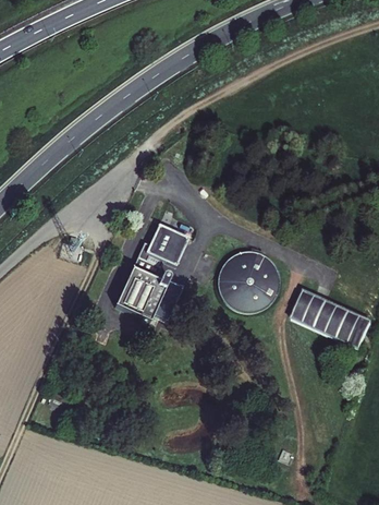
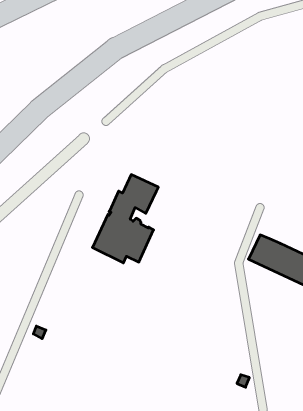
building: [218,252,279,313] -> none

